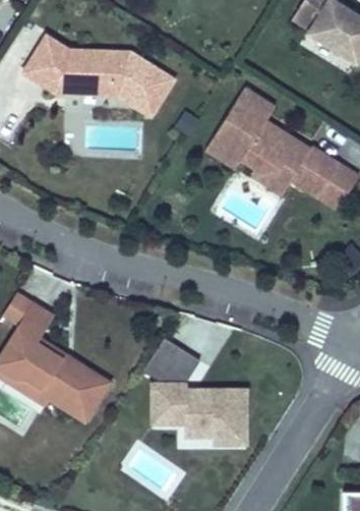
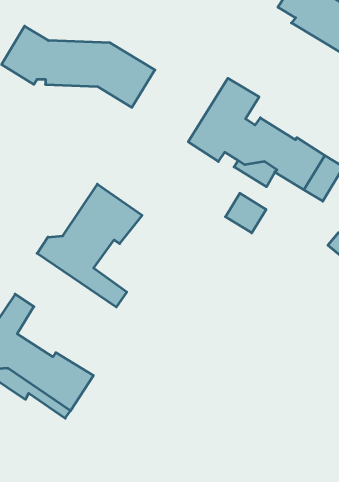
building: none -> [37,184,142,307]
building: none -> [225,193,266,233]
building: [151,345,249,447] -> none

